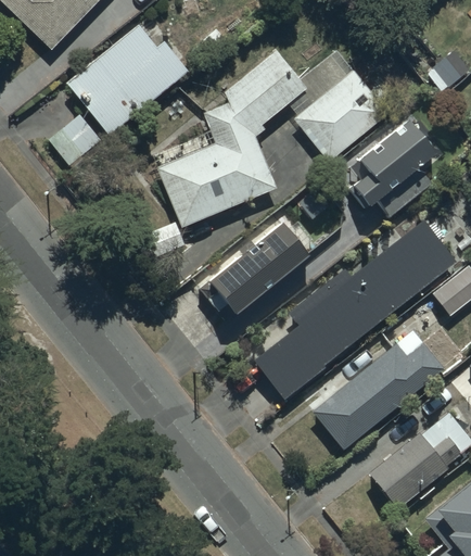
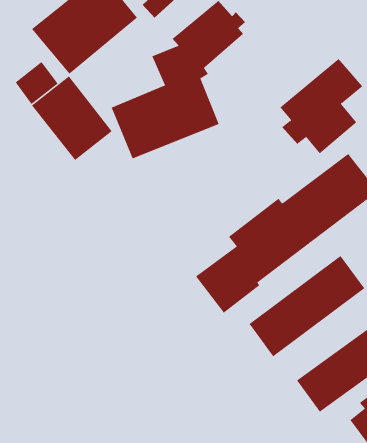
building: [296,71,393,162] -> none
building: none -> [31,76,113,161]
building: [200,228,310,329] -> none

